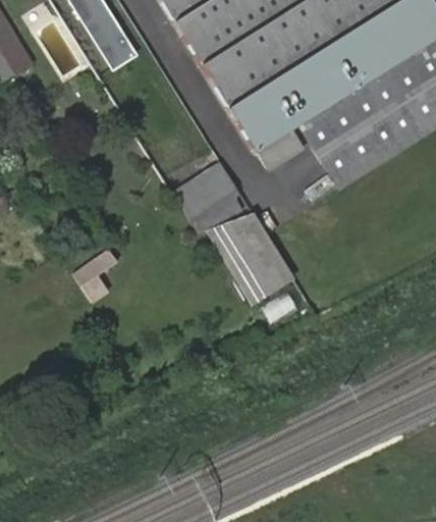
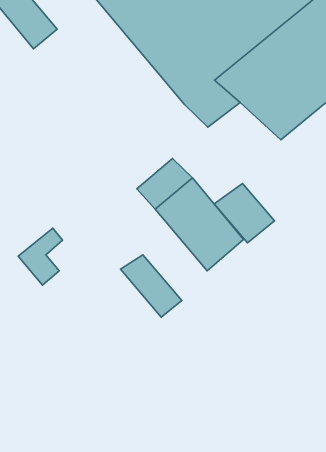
building: [172,164,235,223] -> none
building: none -> [214,183,274,243]
building: none -> [120,255,182,317]

